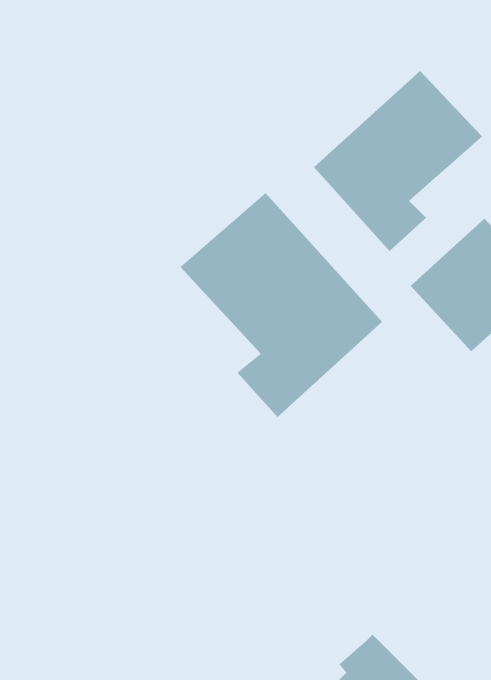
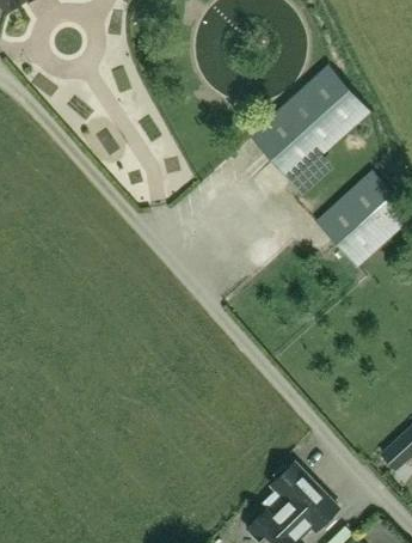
building: [179,192,383,418] -> none

